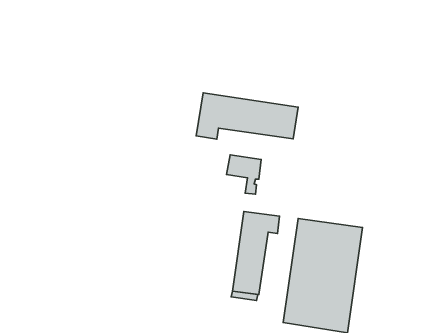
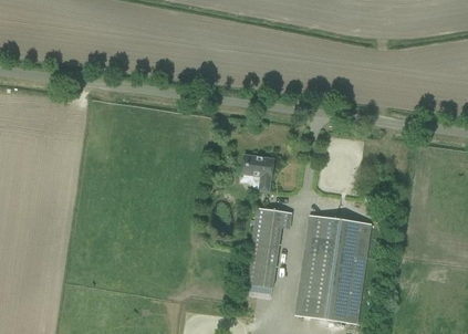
building: [196,93,298,139] -> none

